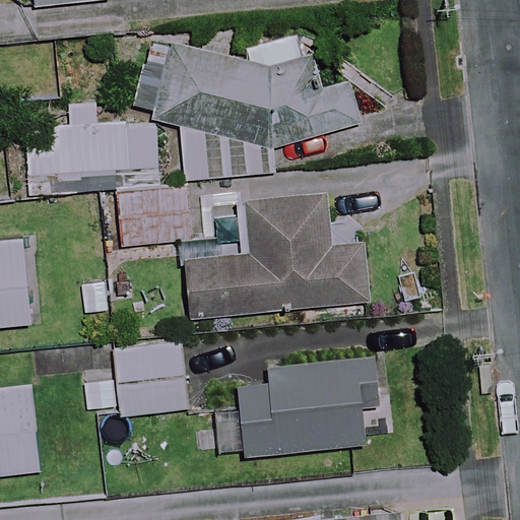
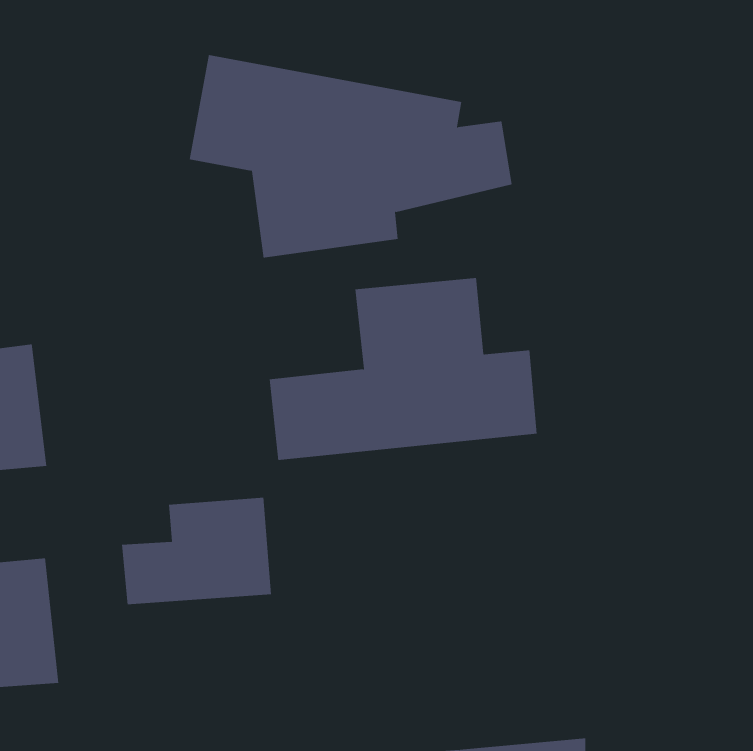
building: [24,121,160,194] -> none
building: [118,190,187,245] -> none
building: [221,356,379,456] -> none

